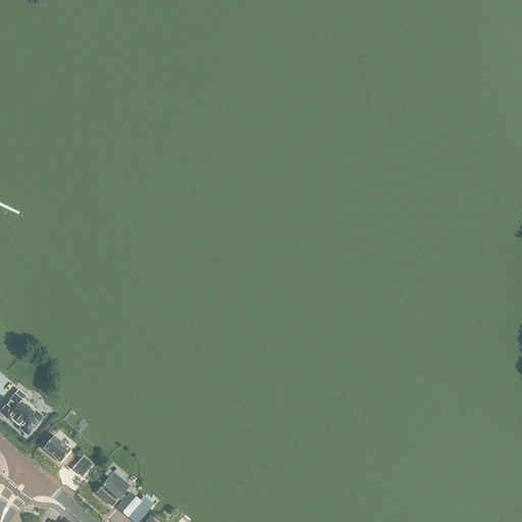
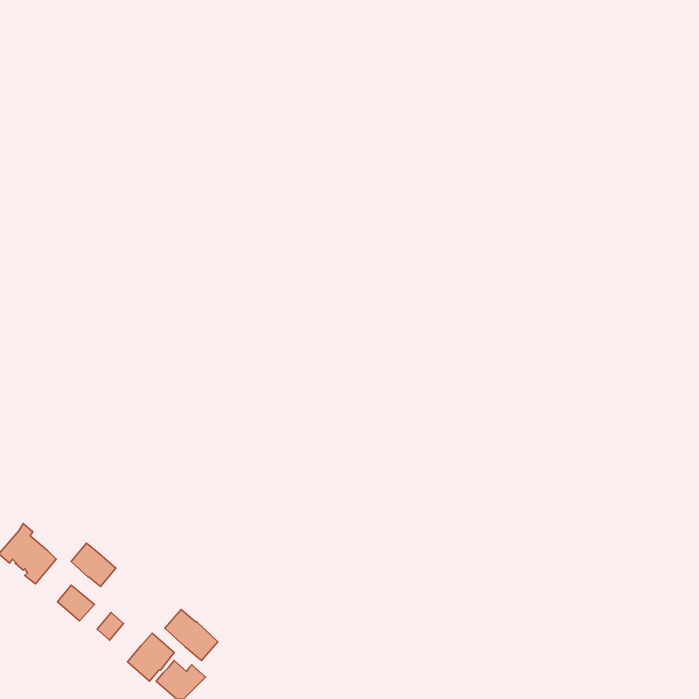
building: none -> [71,543,116,587]
building: none -> [165,609,218,661]

